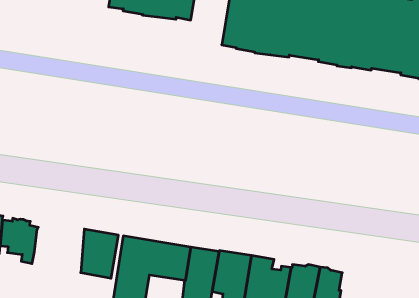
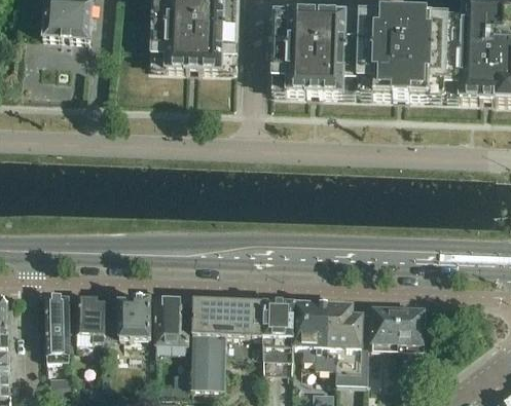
building: none -> [104,296,149,338]

